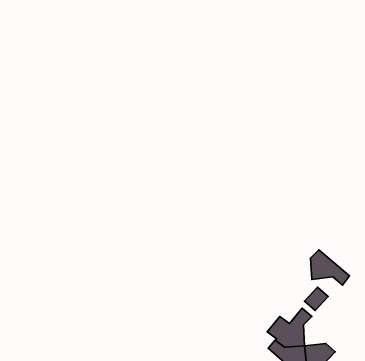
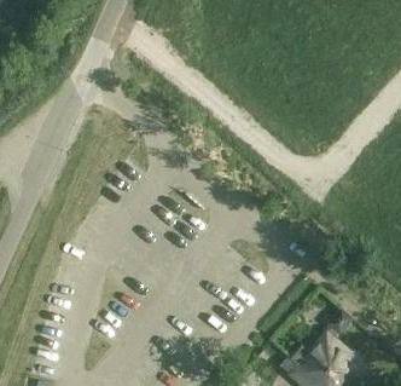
building: [311,250,349,285] -> [322,340,362,376]

